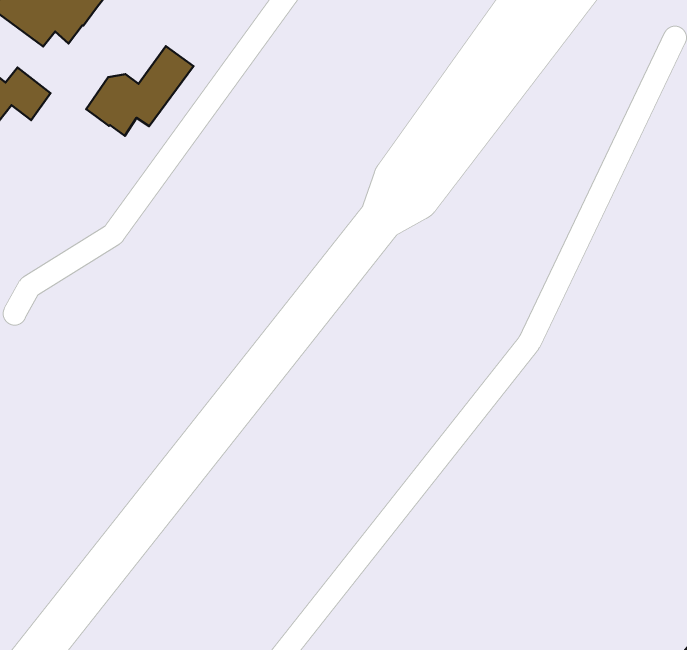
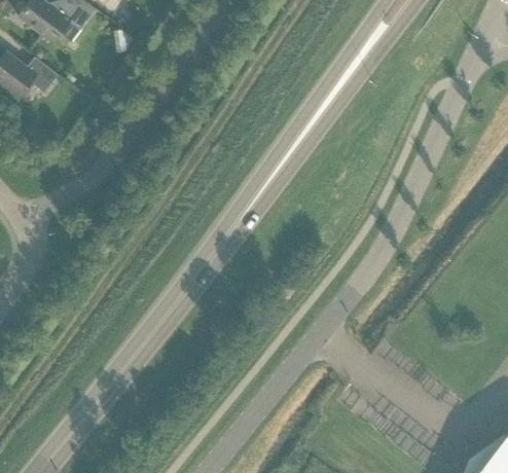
building: [86,46,193,136] -> none

